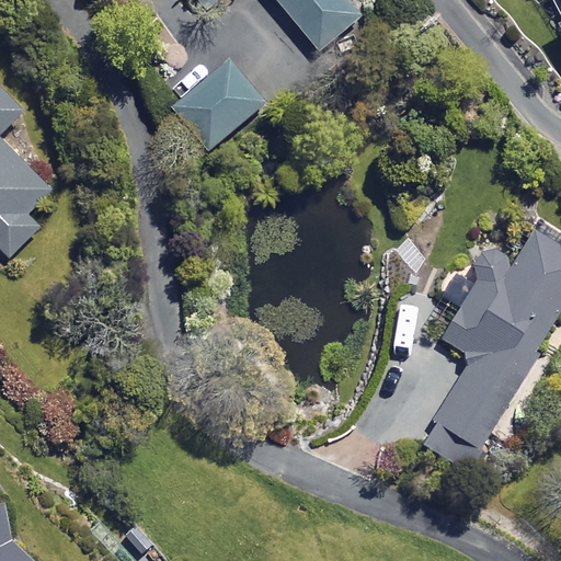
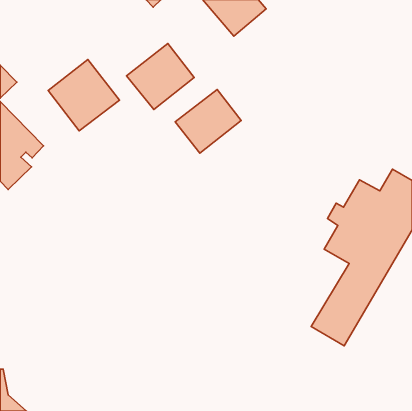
building: none -> [48,60,120,131]
building: none -> [175,89,241,153]

